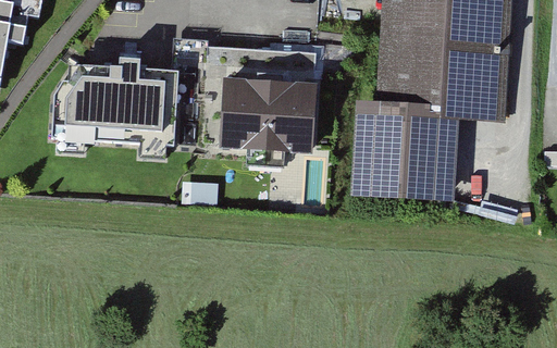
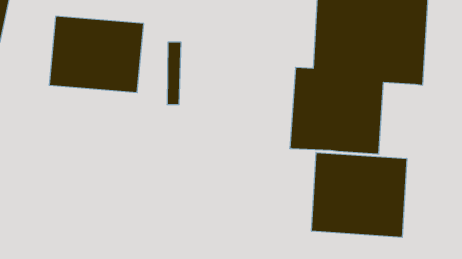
building: [224,57,319,147] -> none
building: none -> [312,152,407,237]

